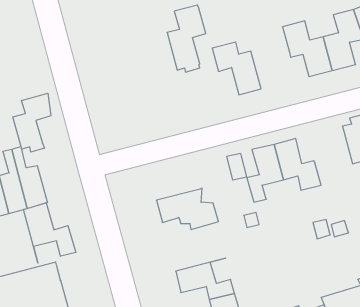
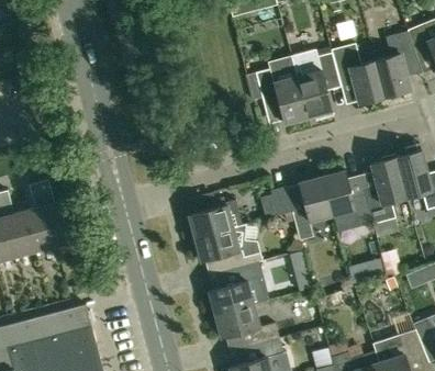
building: [167,5,206,72] -> [297,47,338,120]
building: [13,93,51,152] -> none
building: none -> [366,158,406,225]
building: none -> [185,201,242,238]
building: [24,203,76,263] -> none
building: none -> [209,262,269,315]

